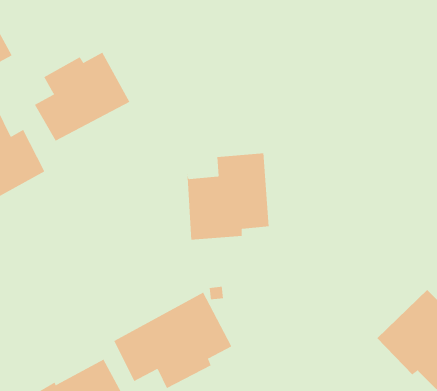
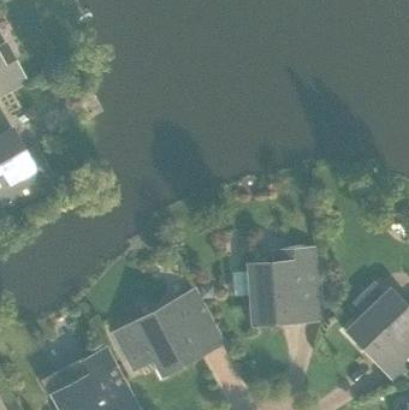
building: [34,52,130,141] -> none
building: [186,153,270,240] -> [248,246,321,323]

